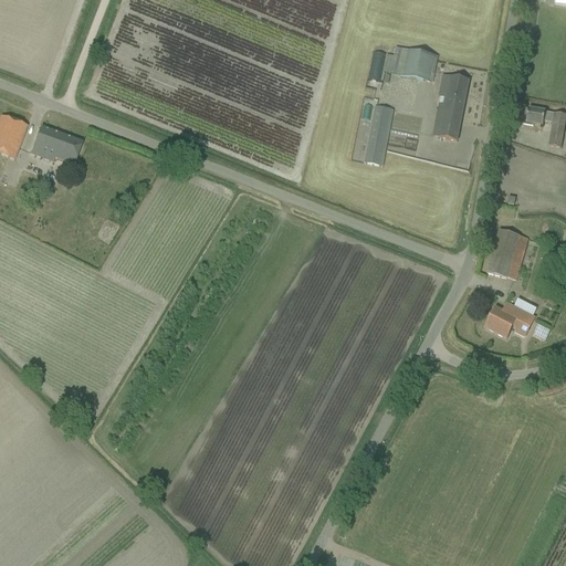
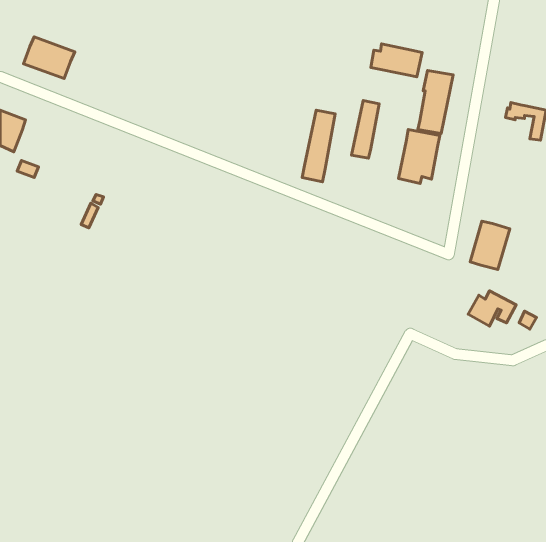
building: none -> [302,110,335,182]
building: [30,124,83,167] -> [24,37,75,79]
building: none -> [398,129,440,183]

